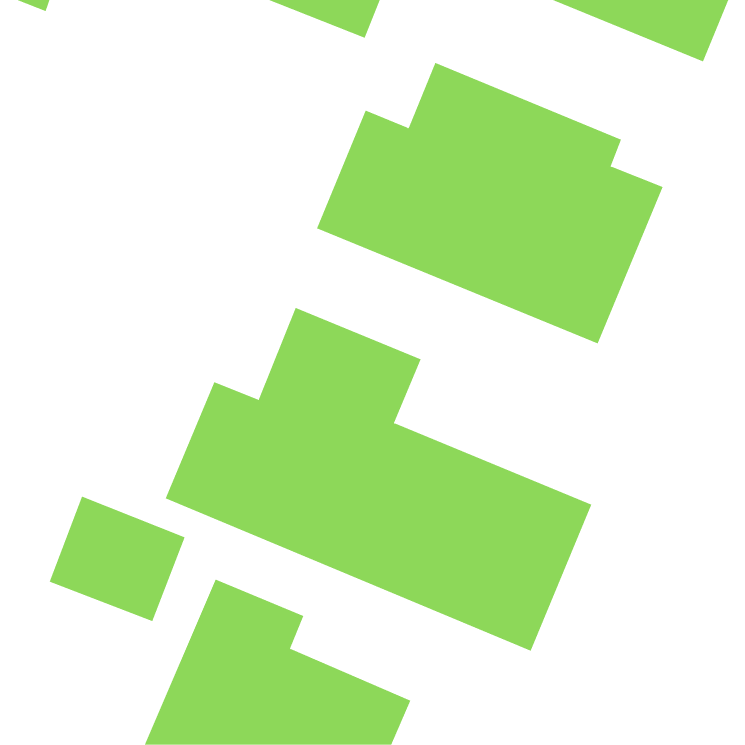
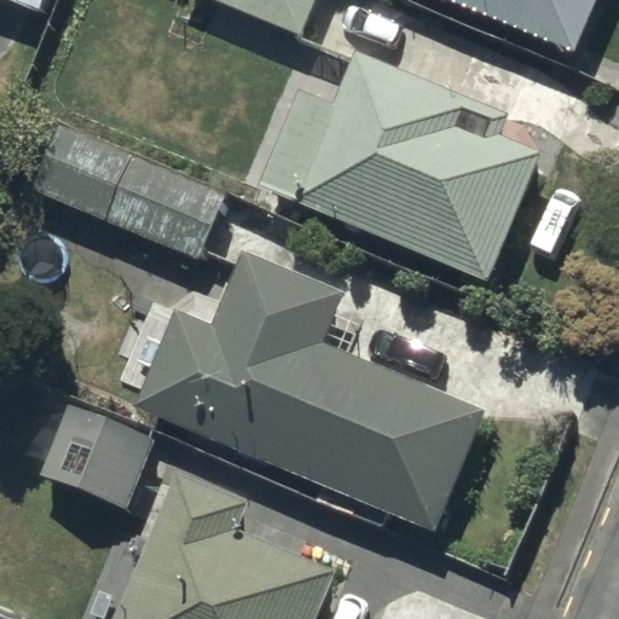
building: none -> [30,122,222,256]

